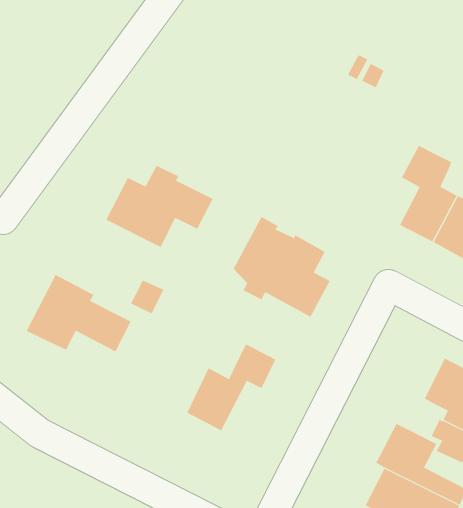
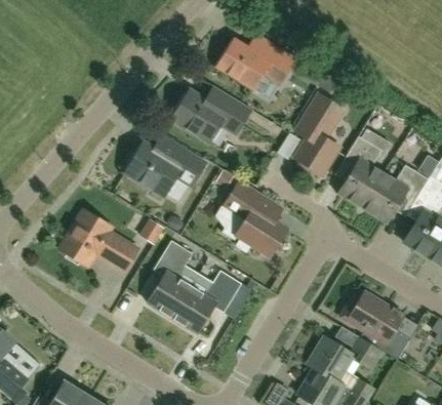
building: none -> [216,35,293,87]
building: none -> [171,84,250,141]
building: none -> [293,92,343,174]
building: none -> [148,241,193,317]

